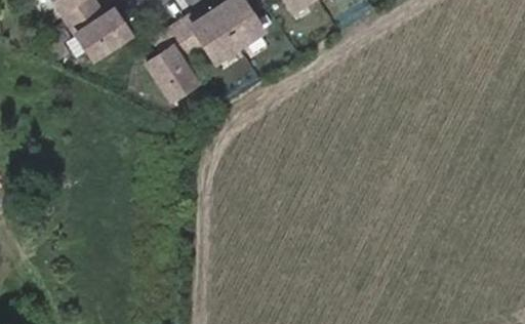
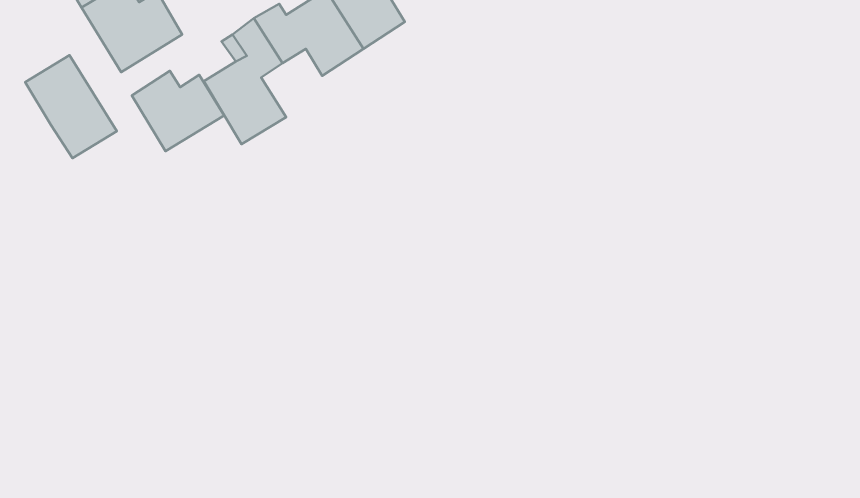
building: none -> [25,55,117,158]
building: none -> [132,71,224,151]

